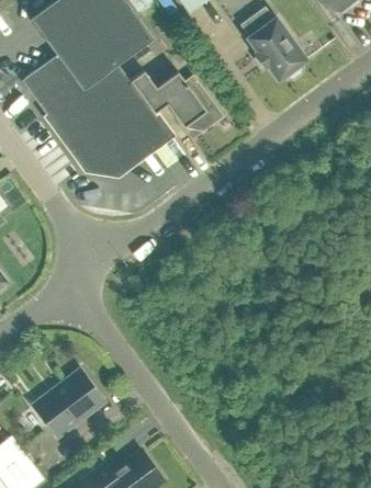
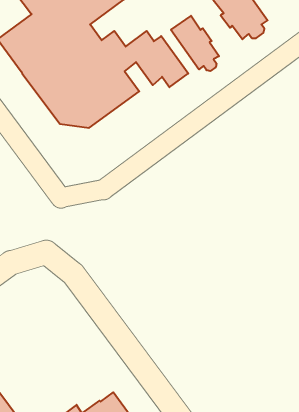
building: none -> [171,16,219,71]
building: [34,371,104,436] -> none

